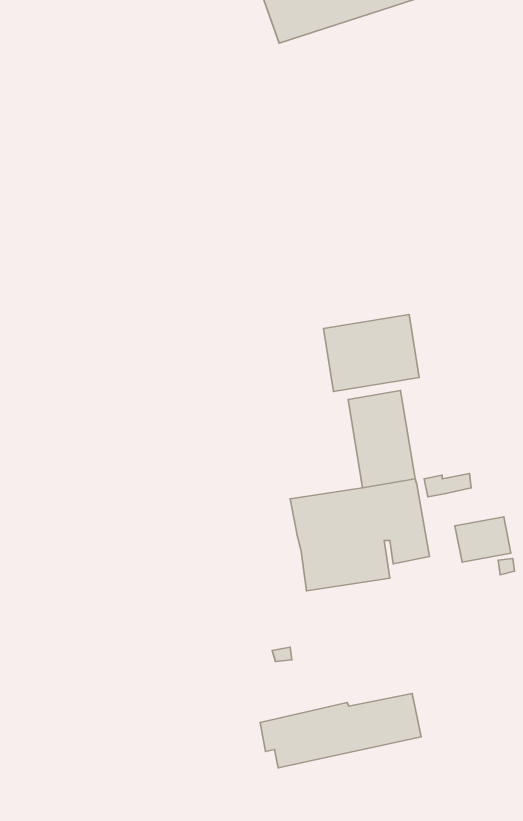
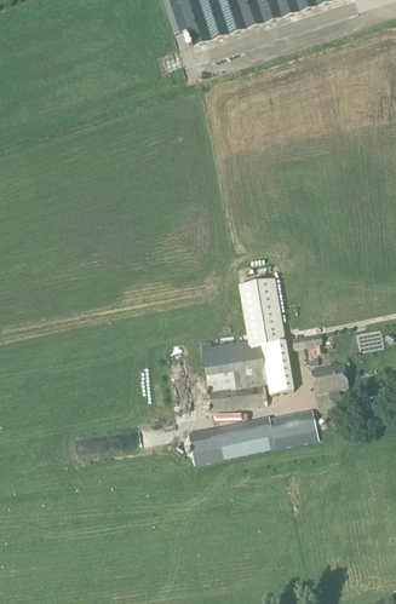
building: [324,315,419,391] -> none
building: [260,694,421,768] -> [210,408,317,458]

